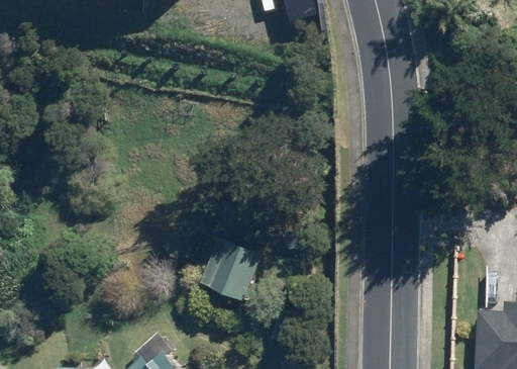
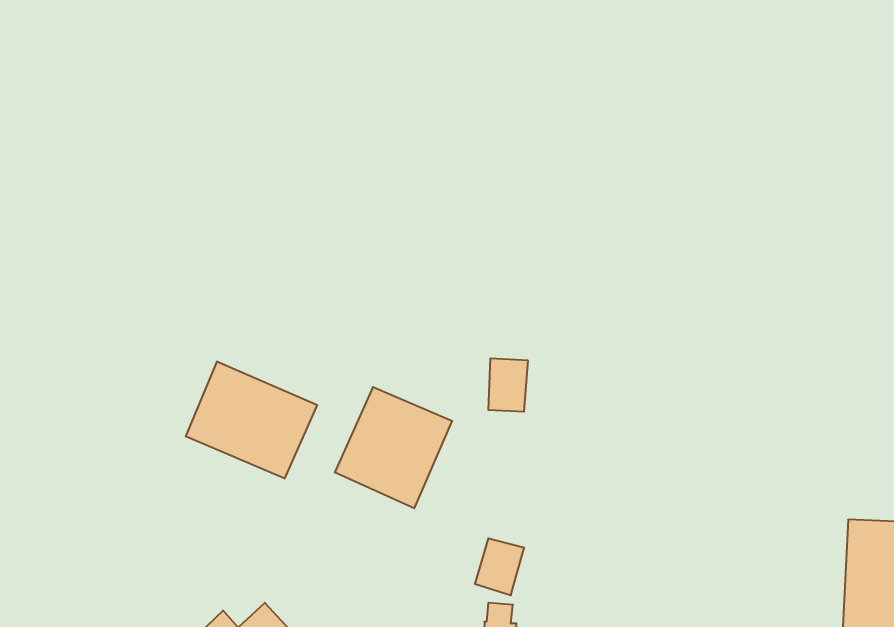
building: none -> [186,361,317,479]

